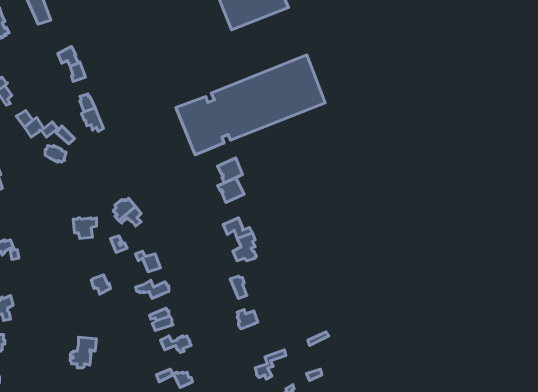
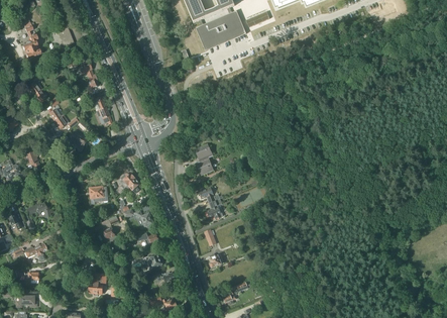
building: [176,55,325,155] -> none

